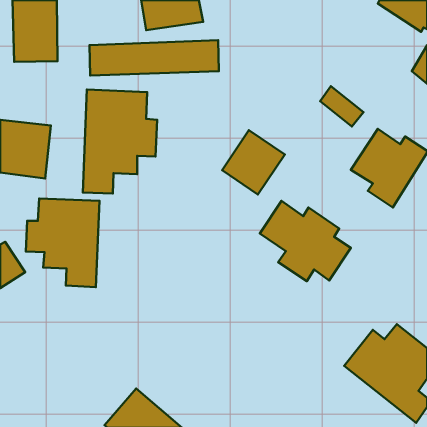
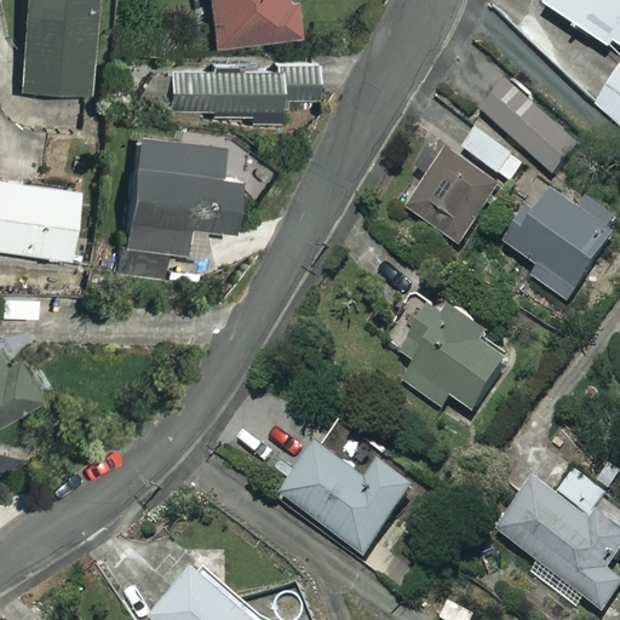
building: none -> [488,87,580,174]
building: [222,130,285,195] -> [409,153,500,246]
building: [26,198,99,287] -> none
building: none -> [283,444,417,555]

